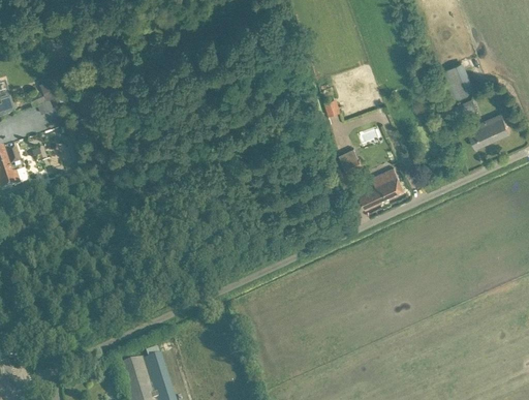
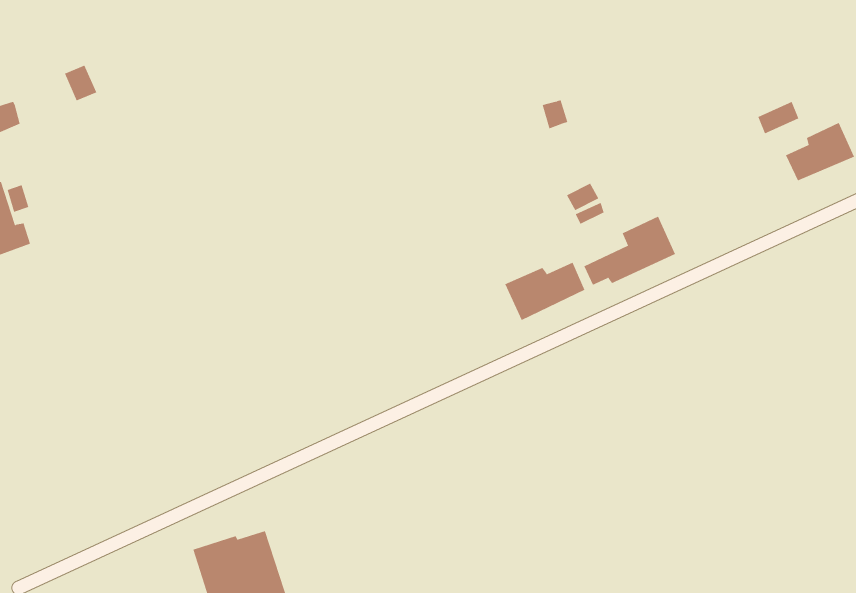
building: [441,63,473,100] -> none
building: none -> [505,262,585,321]

